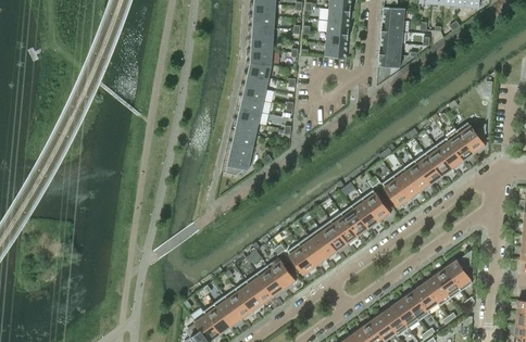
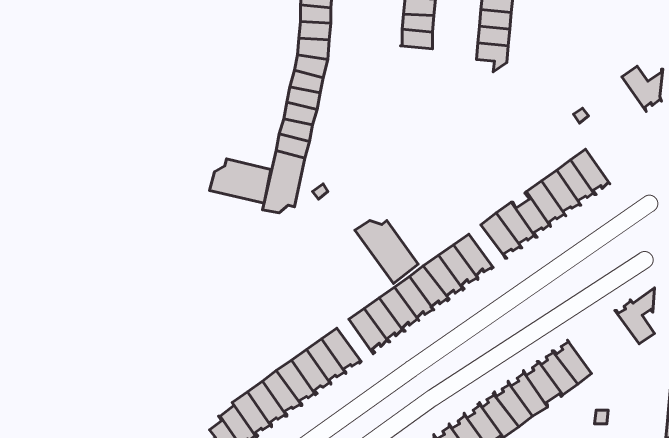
building: [456,122,486,154] -> [622,66,663,112]
building: none -> [210,159,271,203]
building: none -> [355,221,418,283]
building: [443,250,472,290] -> [615,288,654,344]

